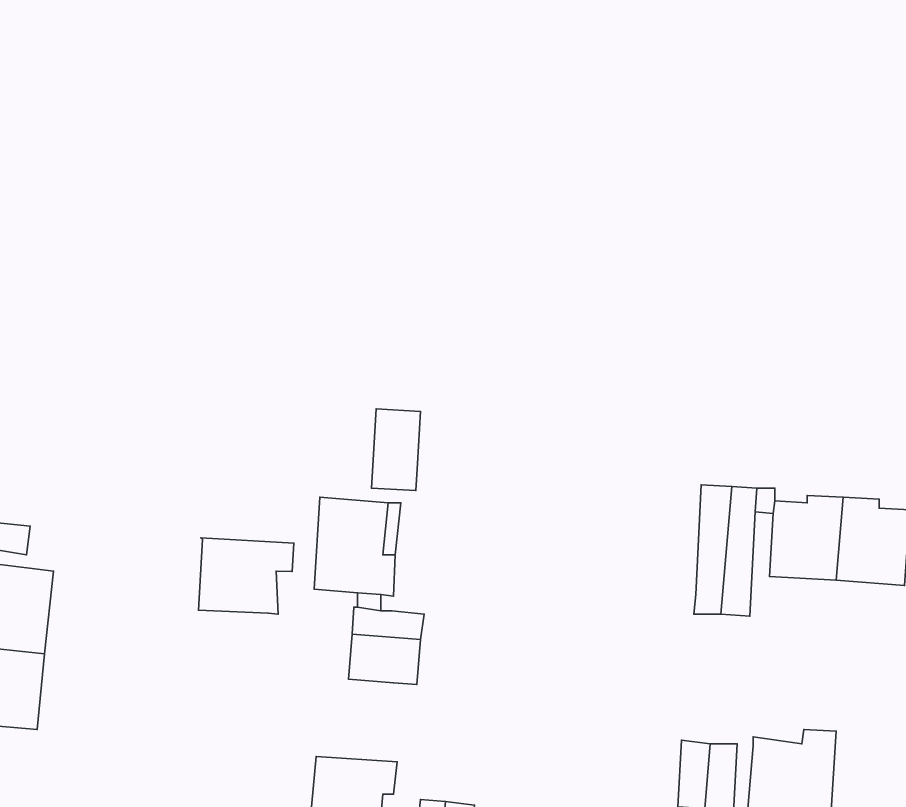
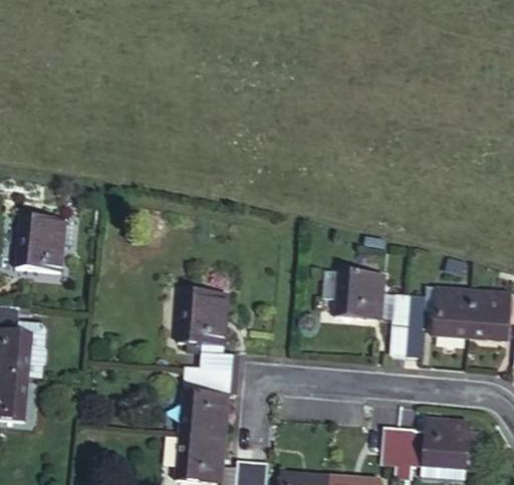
building: none -> [16,216,63,271]
building: [371,409,420,491] -> none
building: none -> [322,270,381,319]
building: [199,538,294,614] -> none
building: none -> [180,391,226,438]

